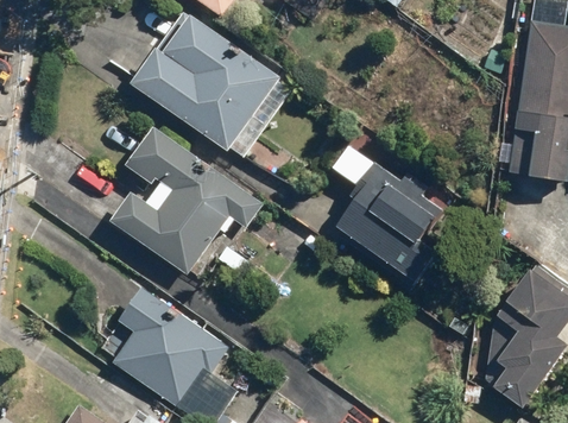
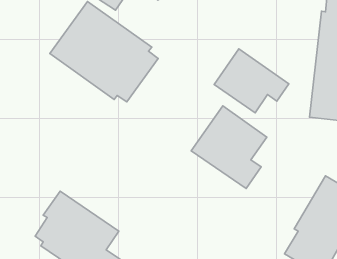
building: none -> [214,49,289,113]
building: [108,122,258,272] -> none

